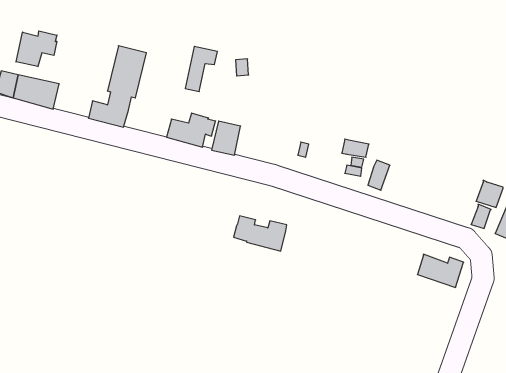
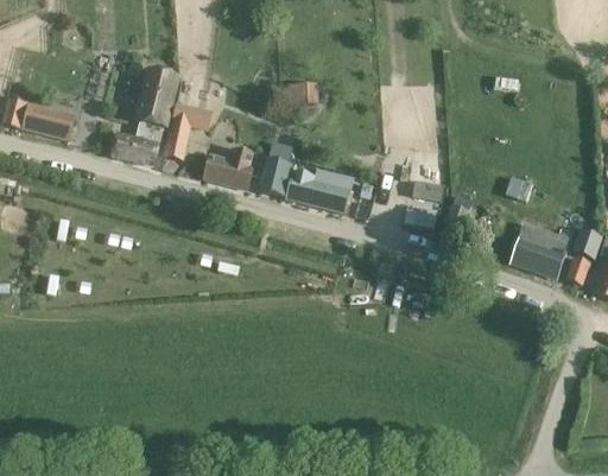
building: [16,31,57,67] -> none
building: [185,46,217,92] -> [166,103,204,157]
building: [234,216,287,251] -> [289,171,352,212]
building: [417,254,464,287] -> [512,237,566,277]

